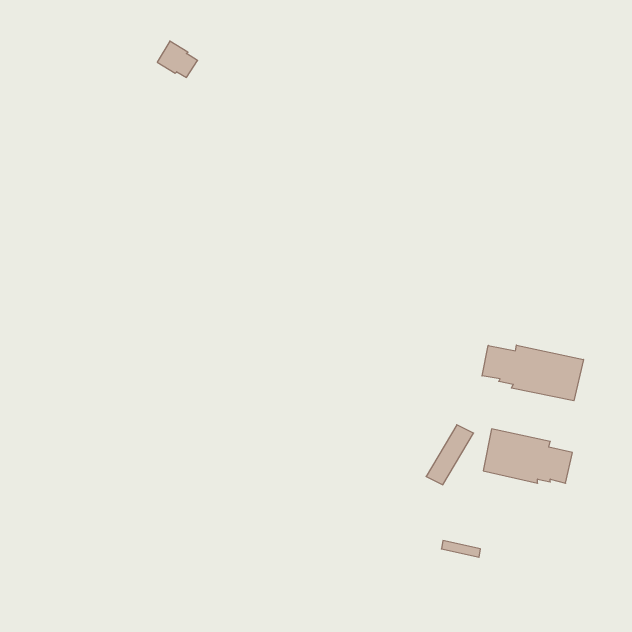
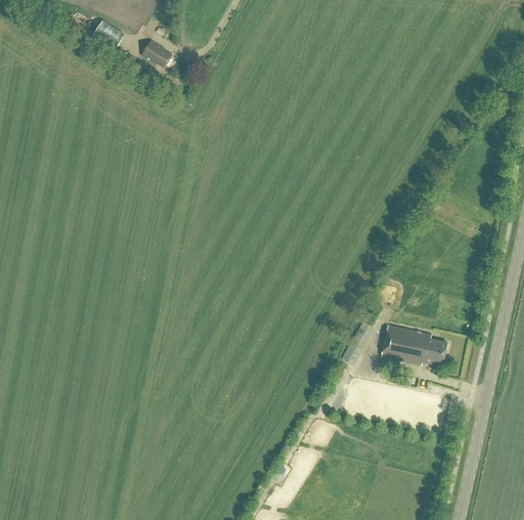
building: none -> [92,19,125,49]
building: [482,345,583,401] -> none

